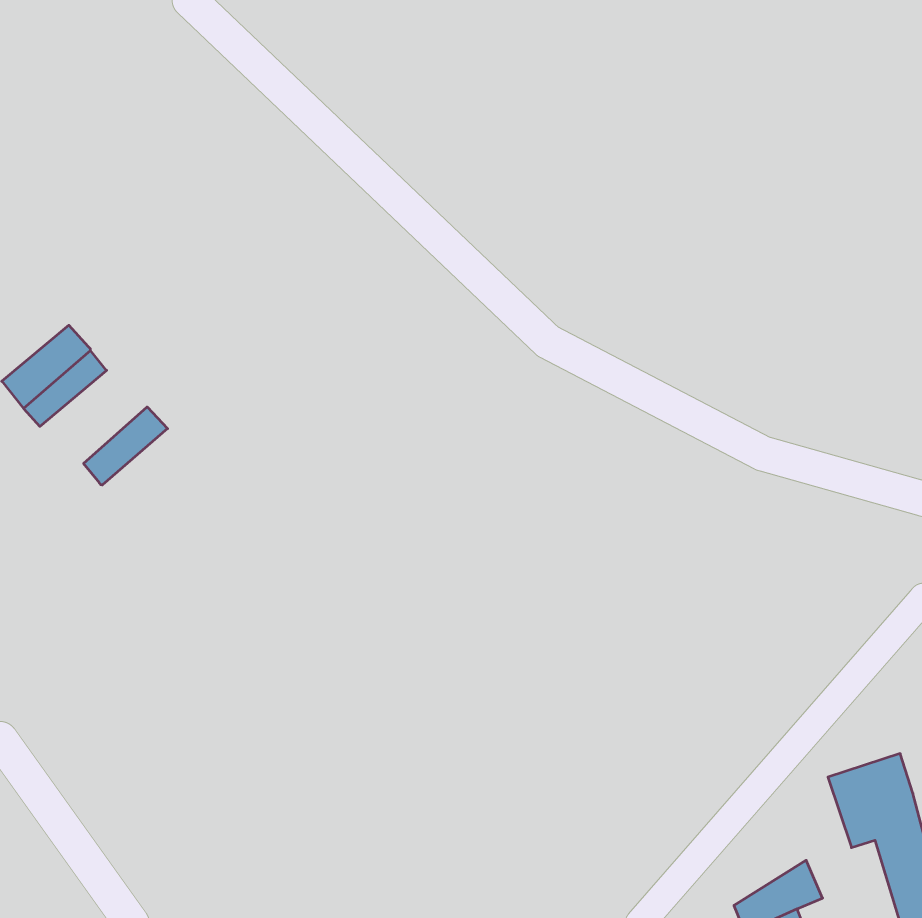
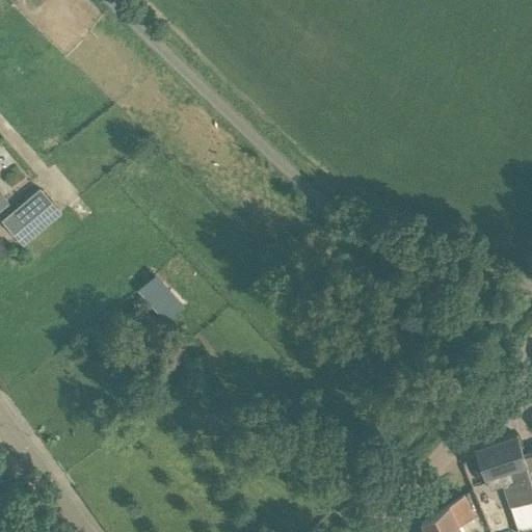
building: [84,407,168,485] -> none
building: none -> [134,274,181,322]

